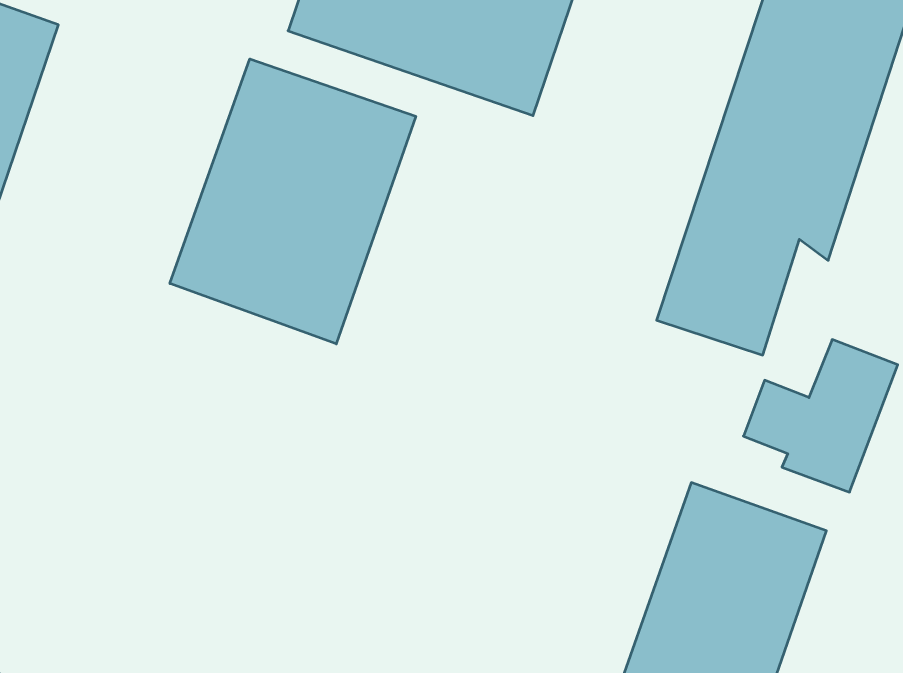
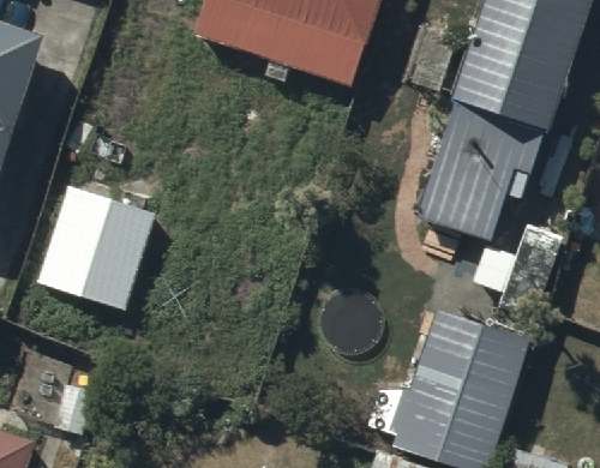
building: [170,59,416,344] -> none
building: none -> [36,182,156,311]

